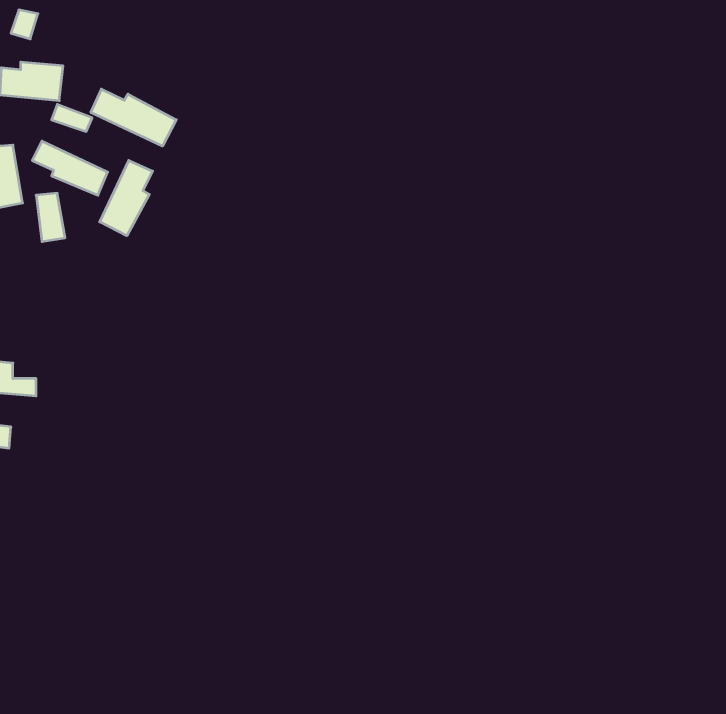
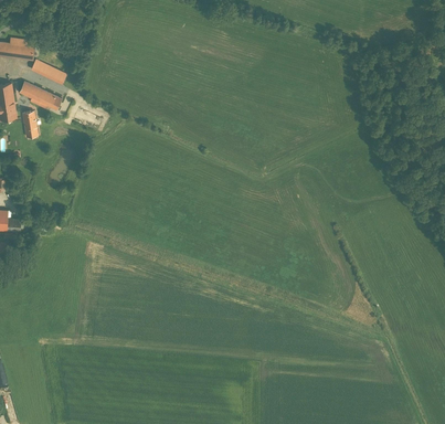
building: [91,89,176,146] -> none
building: [100,160,153,236] -> none

